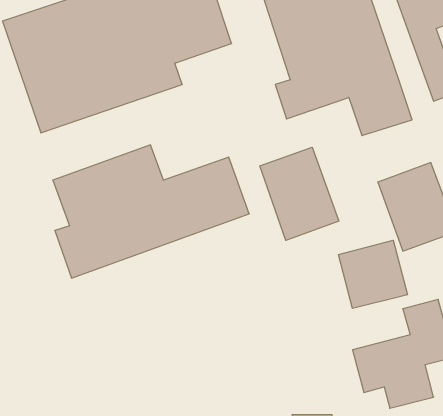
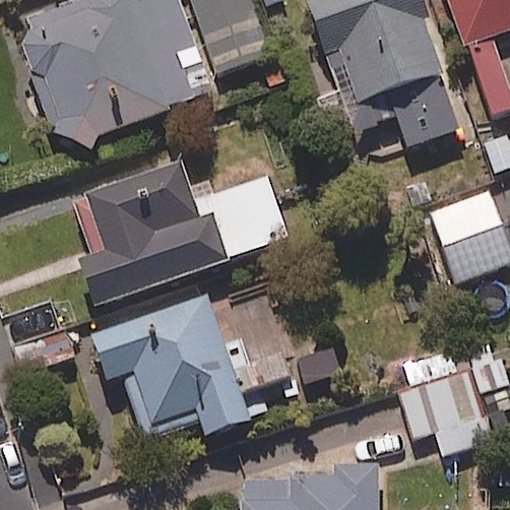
building: [260,147,339,240] -> none
building: [338,240,408,308] -> none
building: none -> [88,295,295,439]

